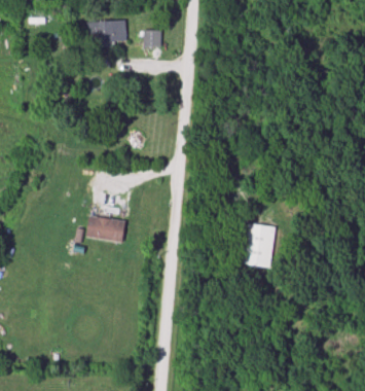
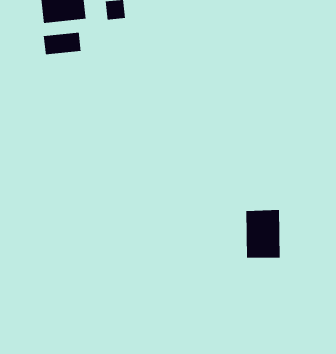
building: none -> [43,32,81,55]
building: [86,215,125,243] -> none

